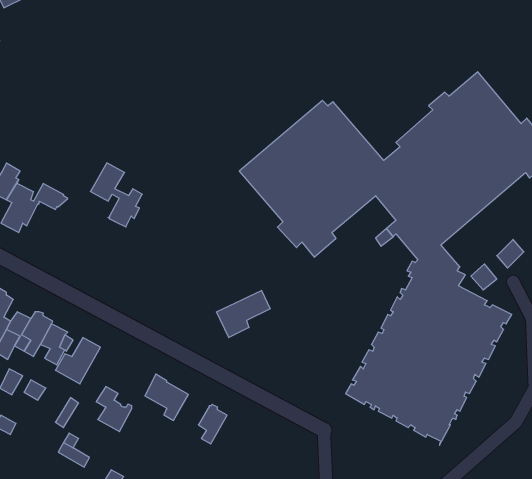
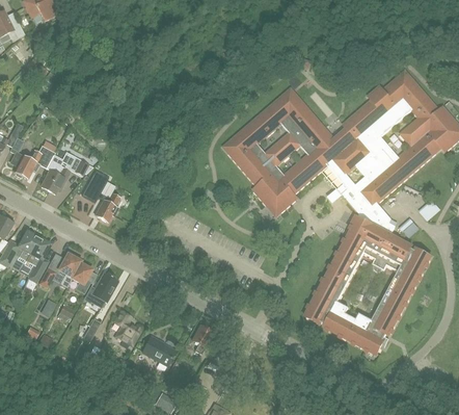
building: [90,163,142,227] -> [80,173,119,222]
building: [216,290,270,338] -> none
building: [145,374,188,420] -> [141,335,174,370]

